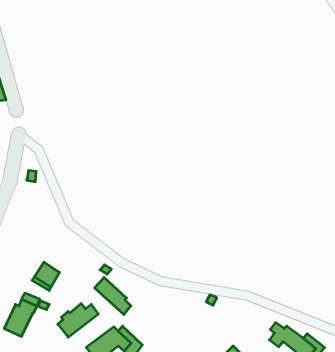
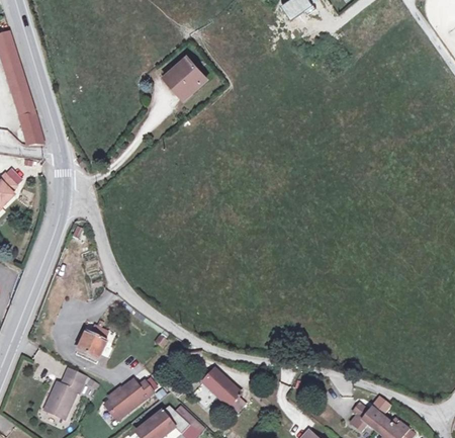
building: none -> [163,56,202,95]
building: [95,277,131,315] -> [202,367,245,411]

